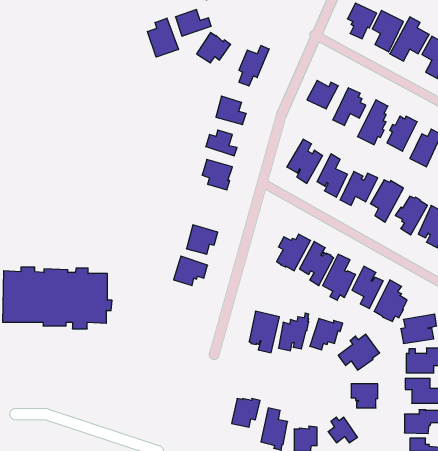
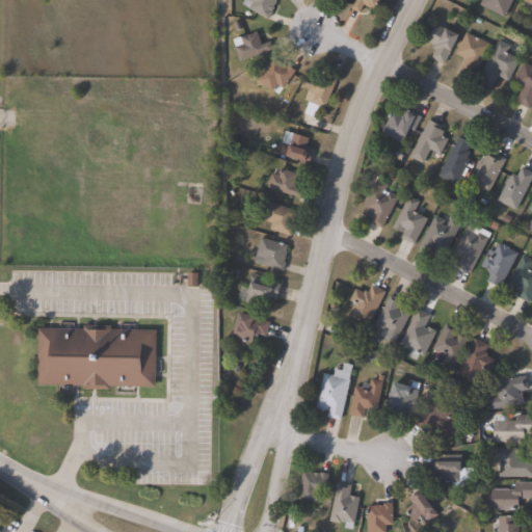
building: [147,18,178,57] -> none
building: none -> [254,236,288,270]

